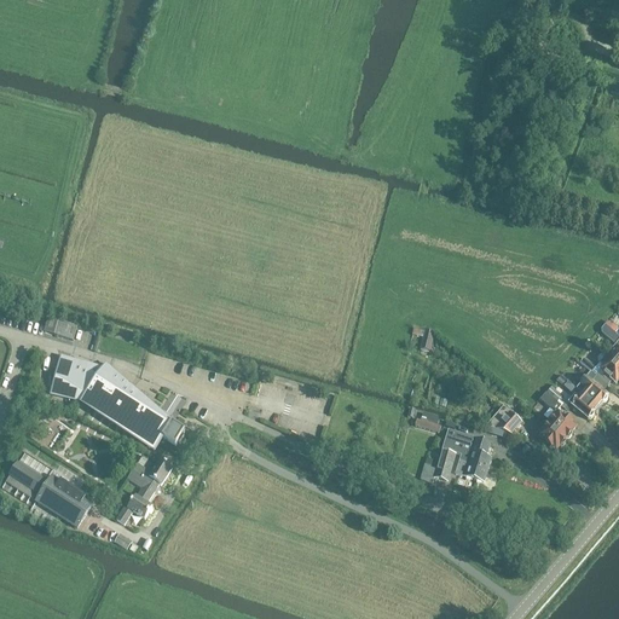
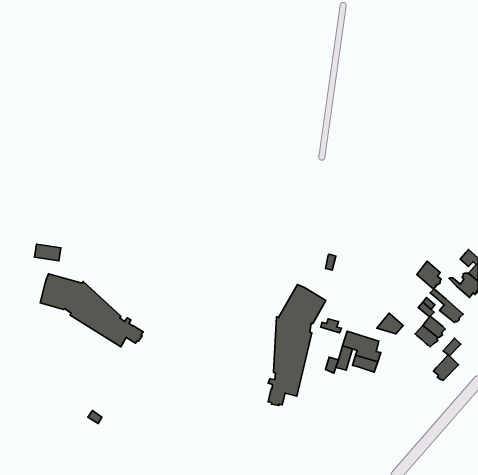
building: none -> [268,284,326,405]
building: [577,370,608,406] -> [417,261,441,289]
building: none -> [433,338,461,380]
building: [116,458,172,523] -> none
building: [10,461,93,526] -> none

